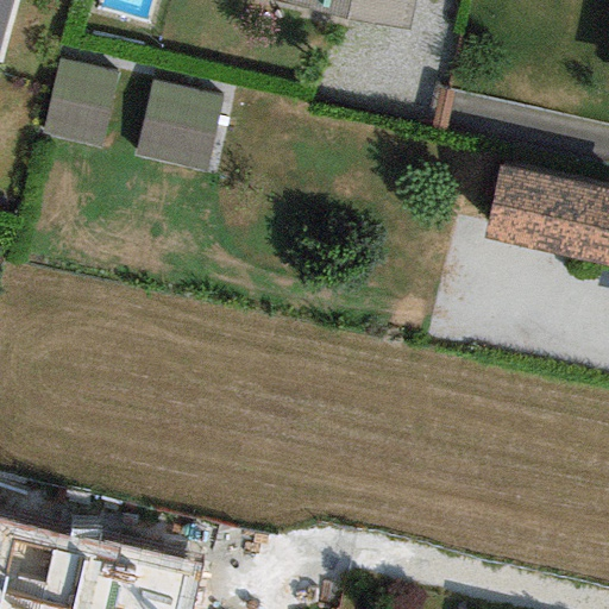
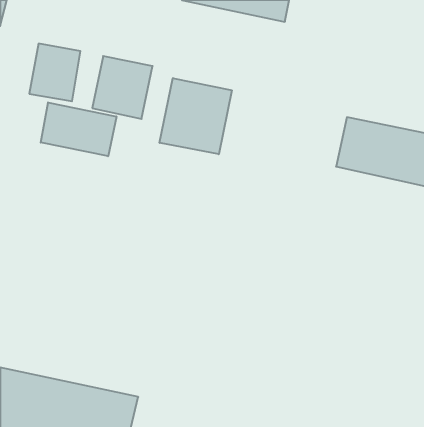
building: none -> [160,78,232,154]
building: none -> [41,102,116,156]

